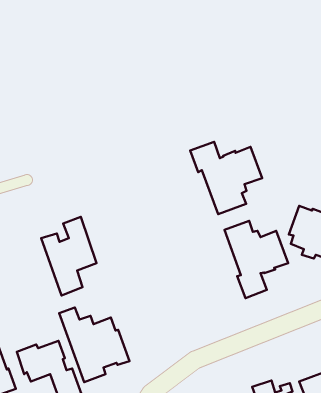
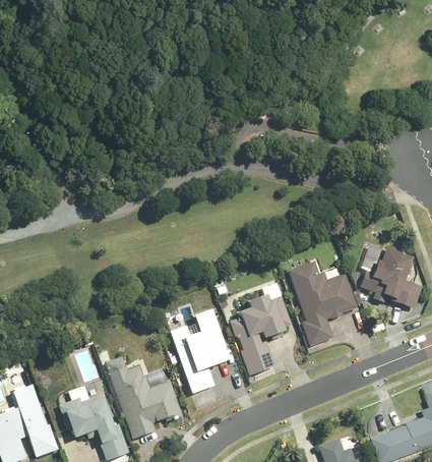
building: [190,142,262,214] -> none
building: [41,217,96,295] -> [170,308,231,395]
building: none -> [230,294,293,377]

